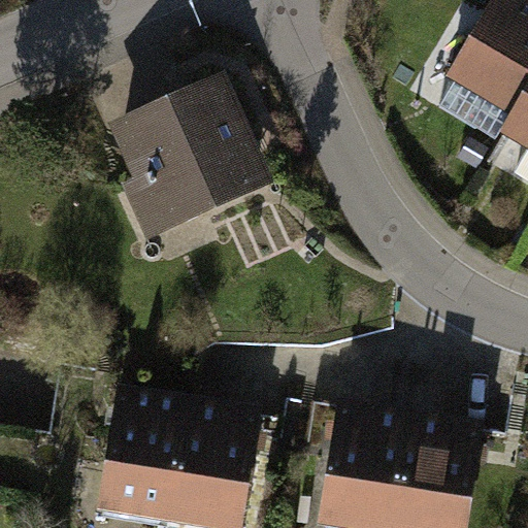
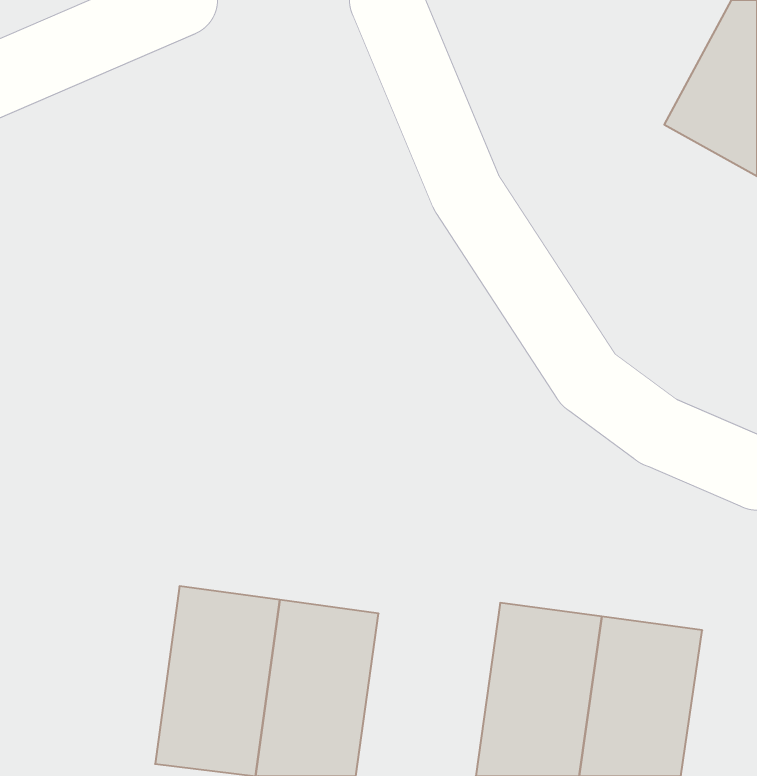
building: [111,85,270,245] -> none

